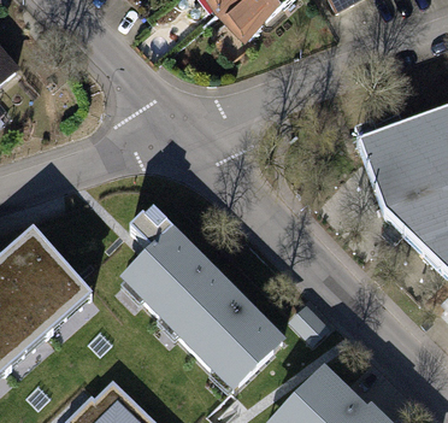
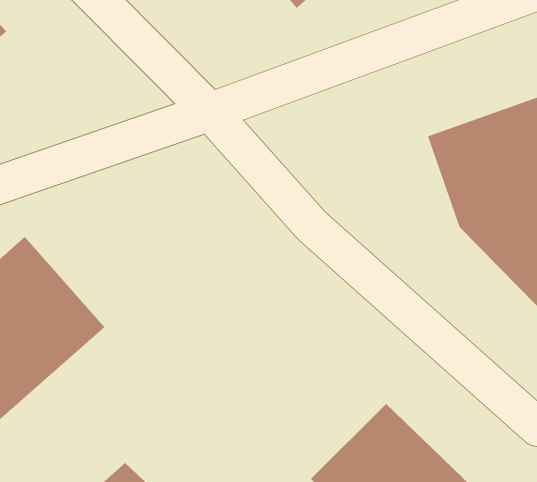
building: [116,219,283,387] -> none

